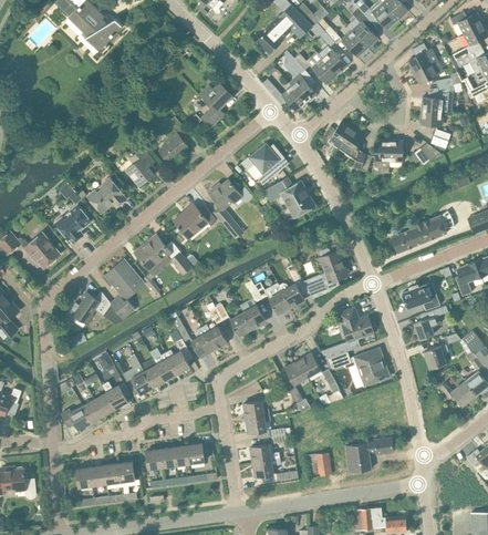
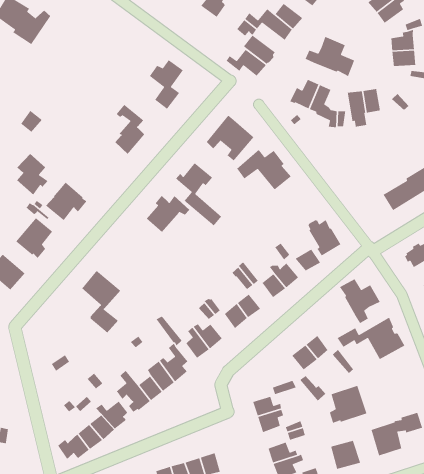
building: none -> [305,36,355,77]
building: [126,147,155,186] -> [16,153,48,196]
building: [136,235,193,295] -> none
building: [65,291,111,327] -> none
building: none -> [329,385,367,424]

